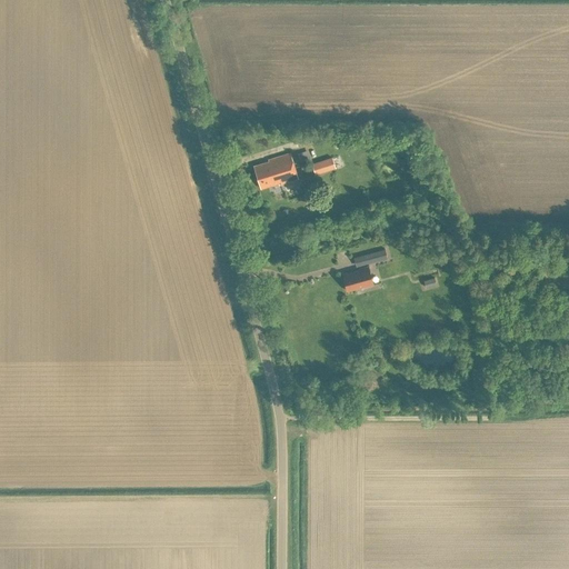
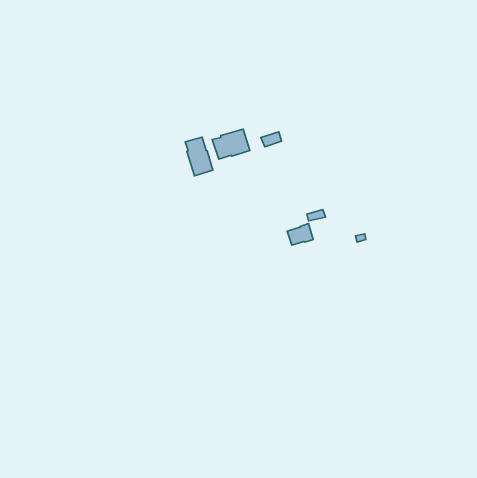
building: none -> [185,137,213,176]

